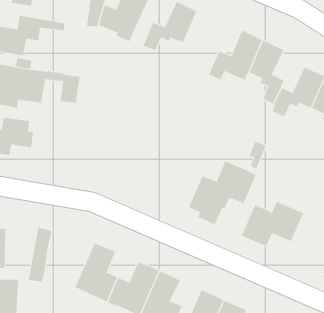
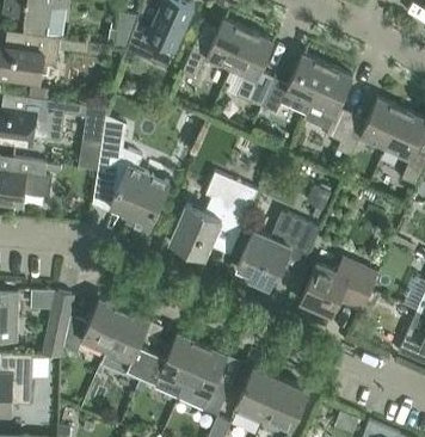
building: none -> [226,30,275,106]
building: none -> [96,115,170,229]
building: none -> [170,172,258,258]
building: none -> [64,297,124,353]

